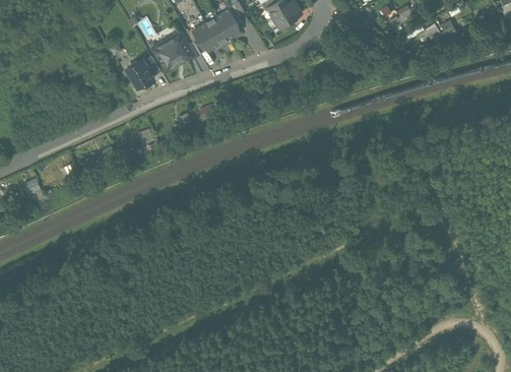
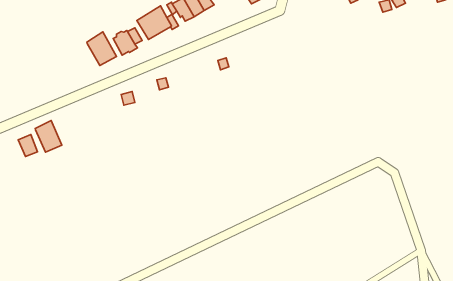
building: none -> [87,32,117,66]
building: none -> [35,120,62,152]

